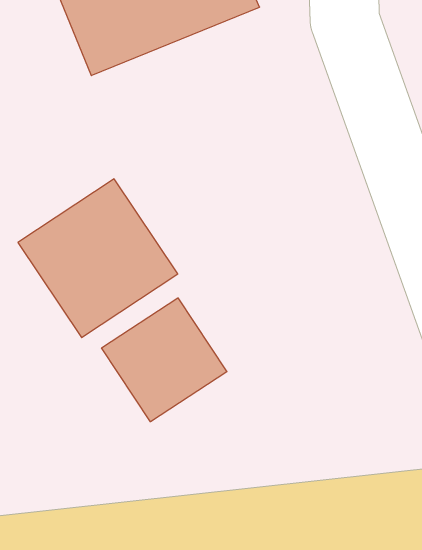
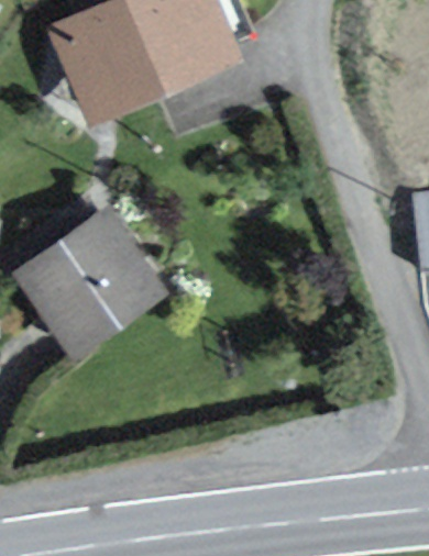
building: [102,298,227,422] -> none

